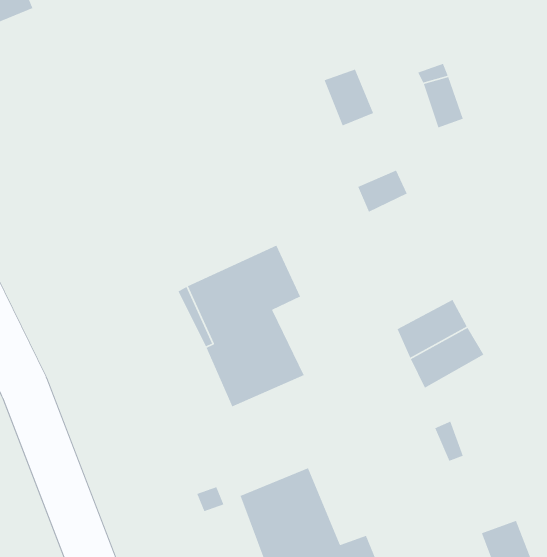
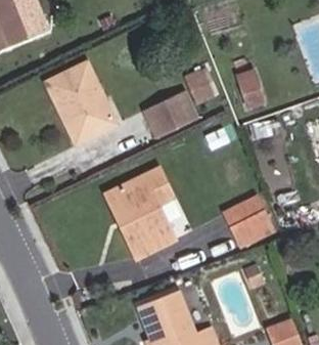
building: none -> [46,62,117,143]
building: none -> [144,94,196,138]

